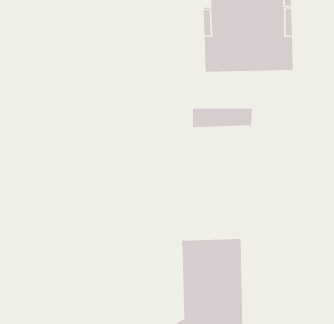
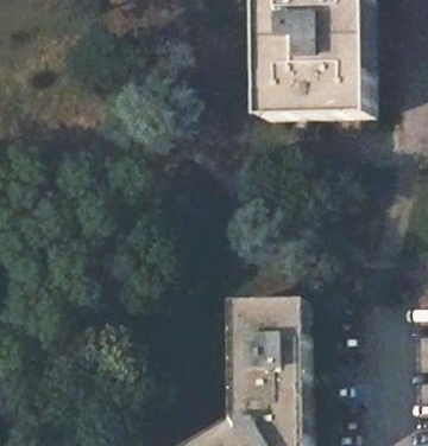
building: [192,108,253,127] -> [226,299,301,323]

